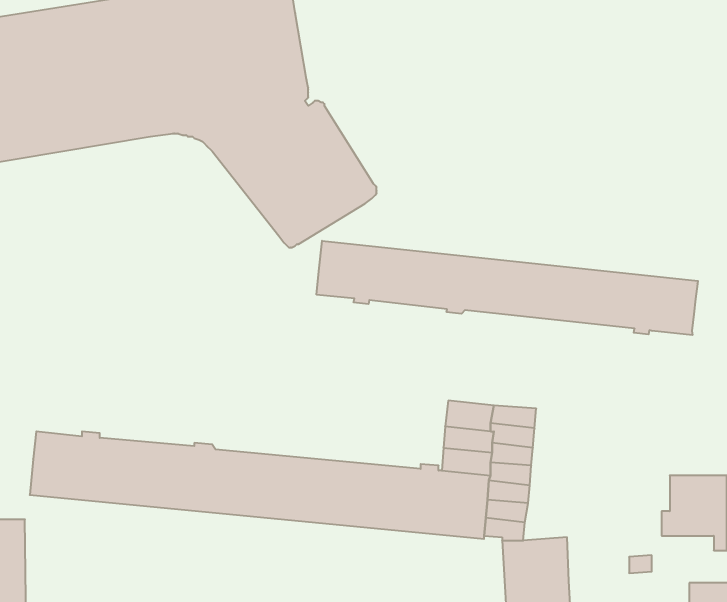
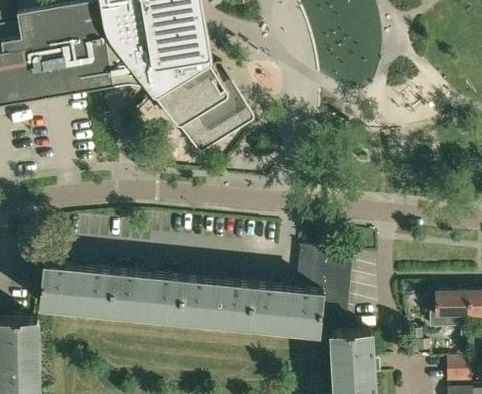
building: [317,241,698,335] -> none

